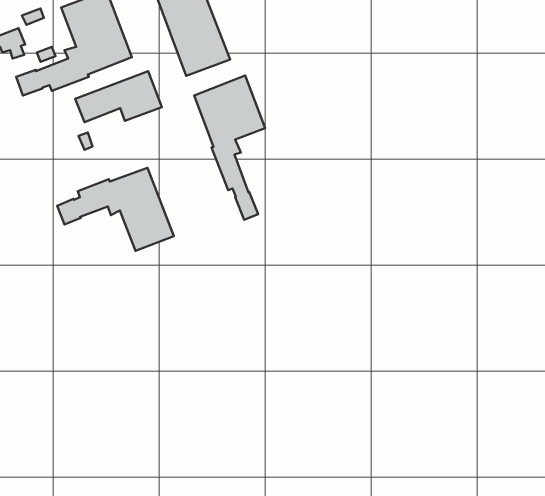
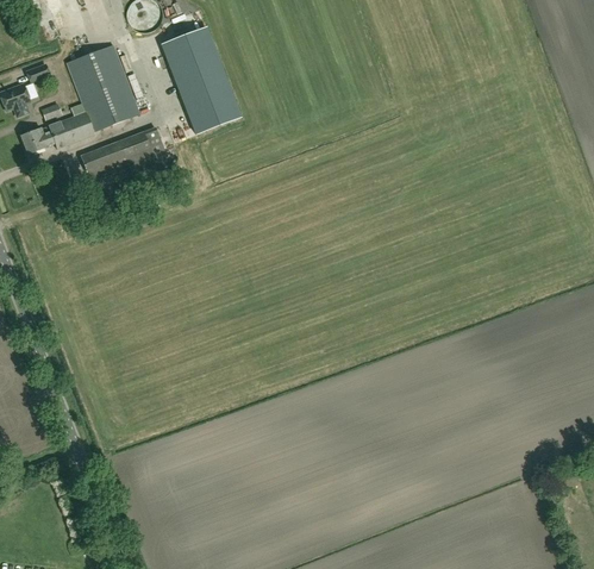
building: [194,76,265,220] -> none
building: [57,168,174,251] -> none

